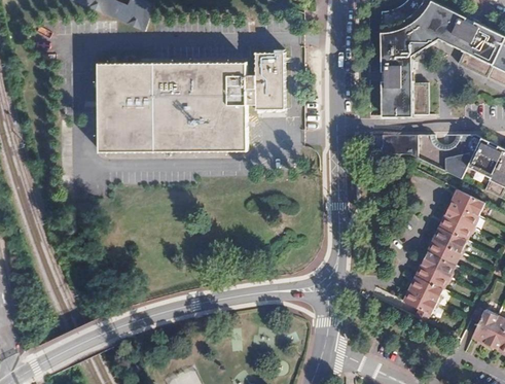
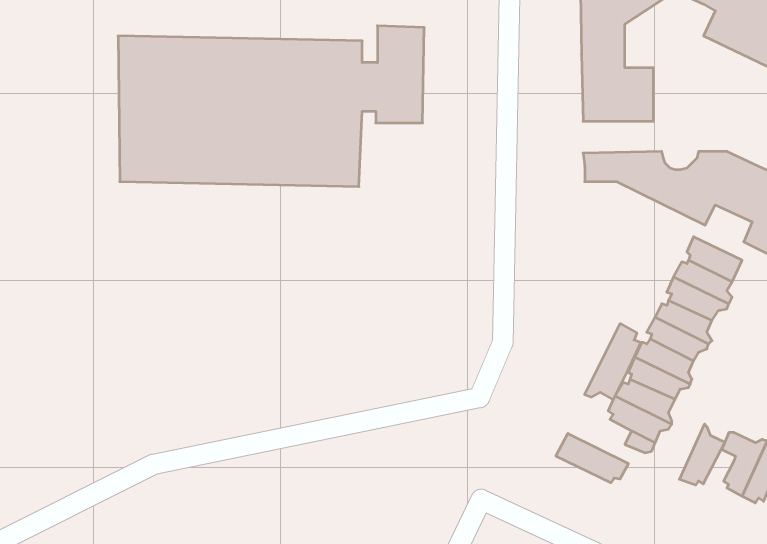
building: none -> [585,324,641,400]
building: none -> [679,424,725,485]
building: none -> [556,433,628,483]

